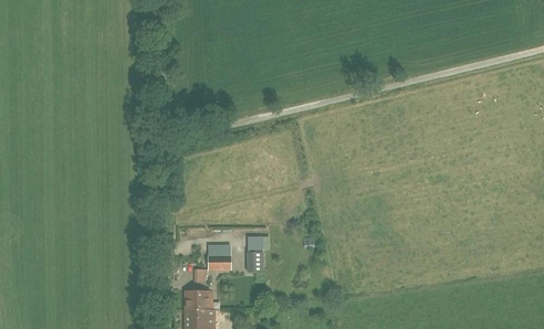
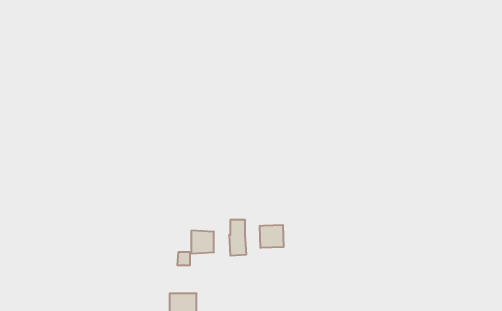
building: none -> [260,225,284,248]
building: [185,290,210,310] -> none

